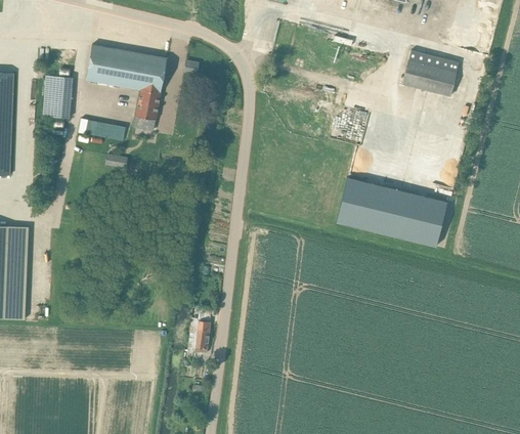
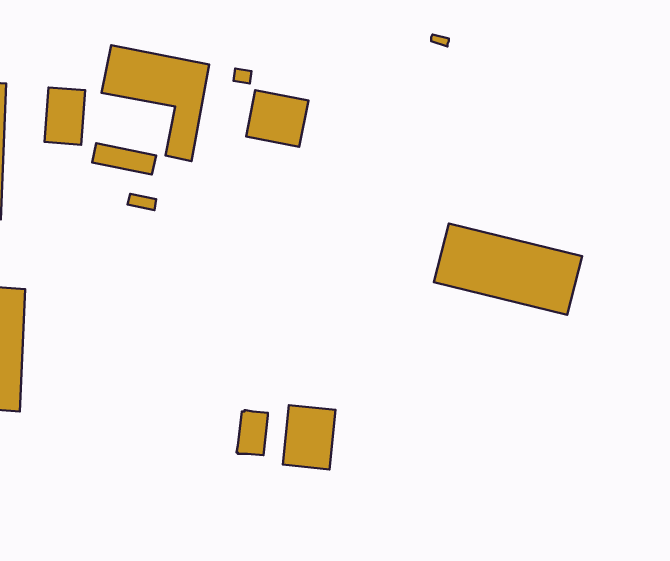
building: [402,50,458,96] -> none
building: none -> [246,90,308,147]
building: none -> [283,405,336,469]

